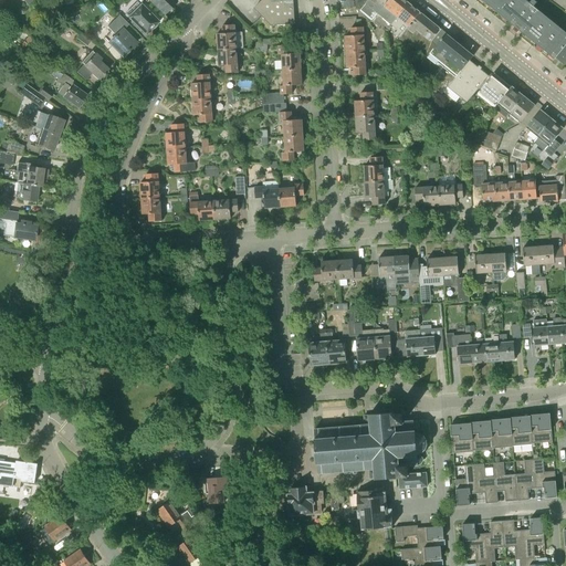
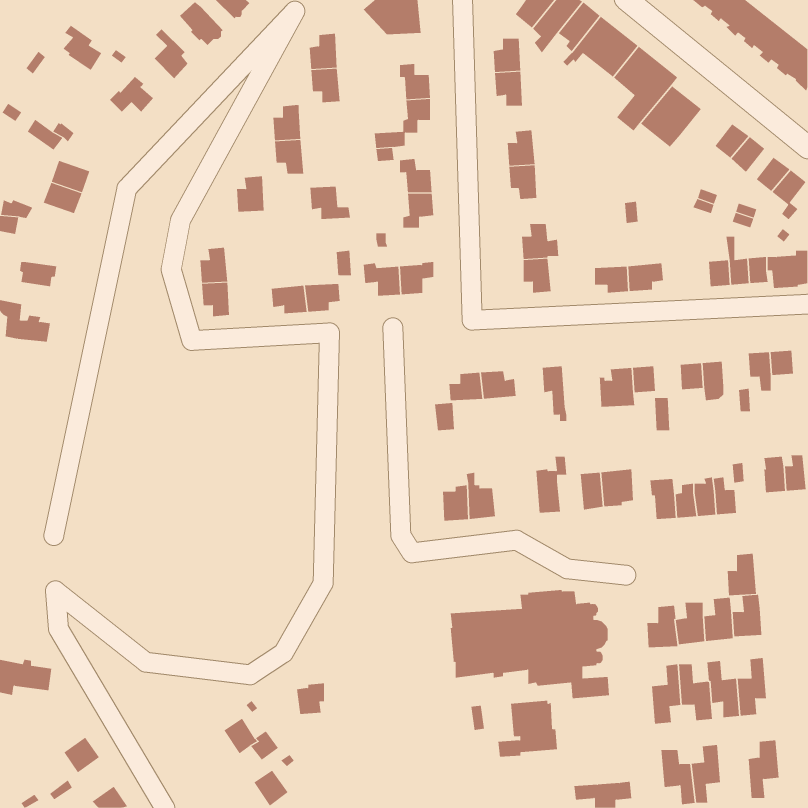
building: [475,72,511,108] -> none
building: [57,74,85,106] -> [63,25,102,71]
building: [166,147,195,170] -> [310,186,351,219]
building: [17,163,43,186] -> none
building: [472,164,495,201] -> none
building: [392,254,419,284] -> none
building: [347,310,376,359] -> none
building: [531,412,552,442] -> [727,553,757,596]
building: [533,458,556,497] -> none
building: [286,485,322,516] -> none
building: [501,520,524,558] -> none
building: [394,524,442,547] -> none

